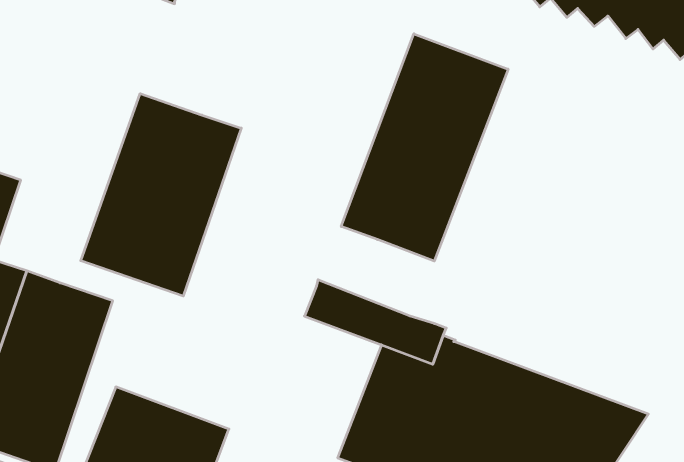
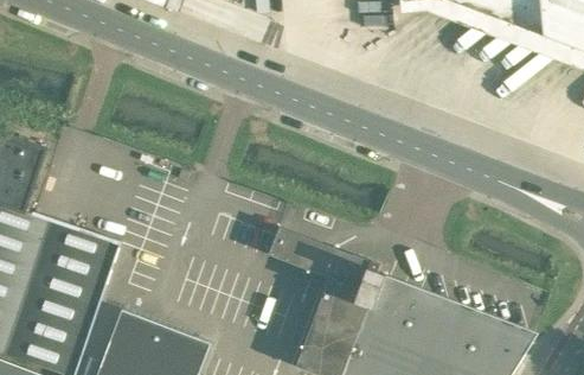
building: [341,34,508,261] -> none
building: [81,94,241,296] -> none

